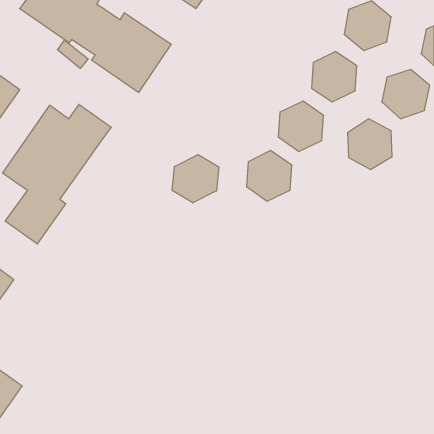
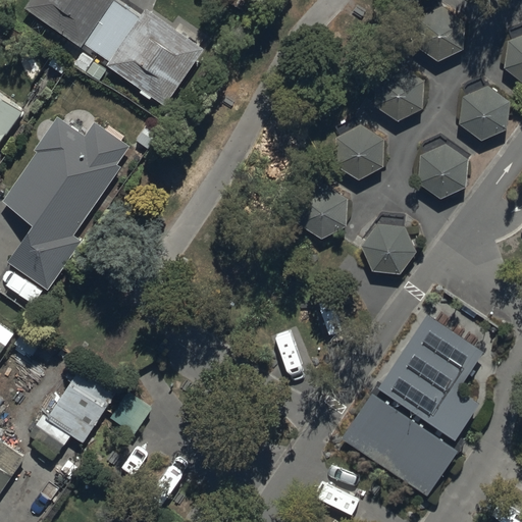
building: [172,154,219,203] -> none
building: none -> [354,209,413,263]
building: none -> [342,314,481,493]
building: none -> [49,368,117,441]

